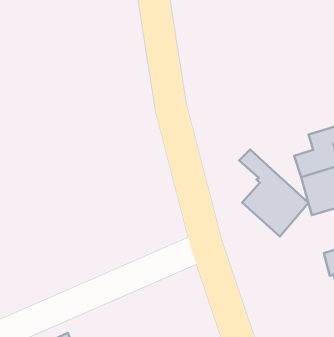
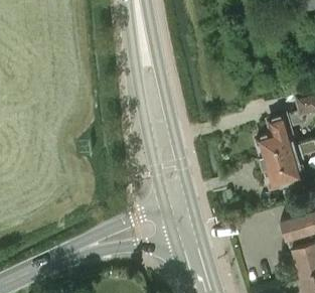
building: [239,150,308,236] -> none

